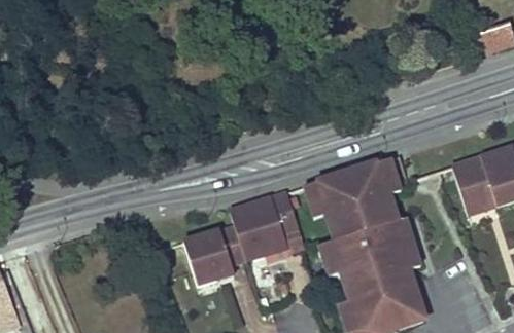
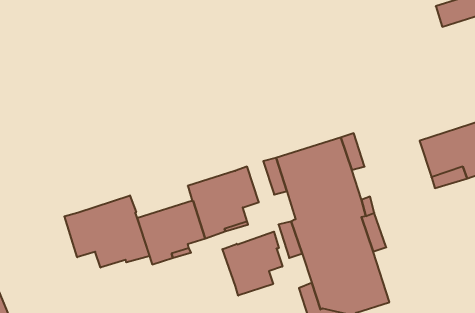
building: none -> [64,195,149,268]
building: none -> [222,232,282,296]

